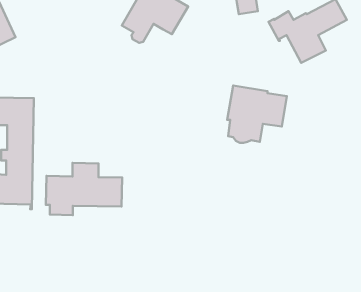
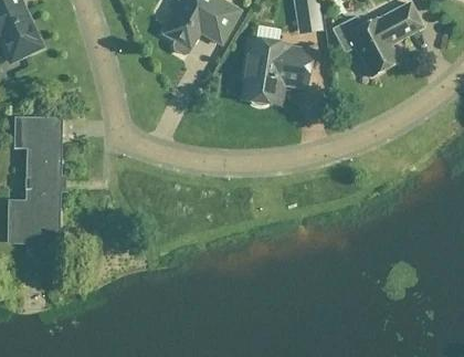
building: [227,86,287,143] -> [242,38,310,104]
building: [46,163,122,215] -> none

